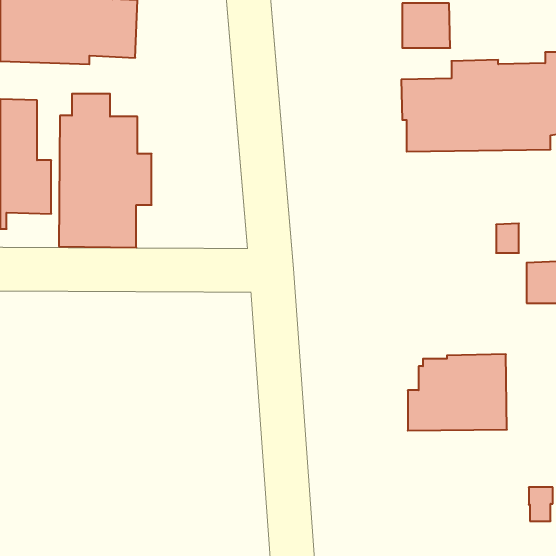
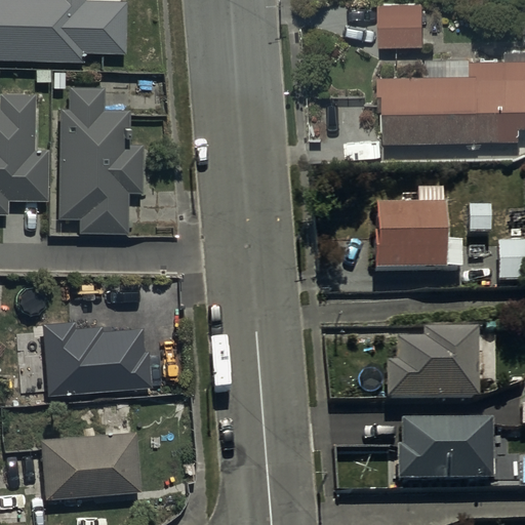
building: none -> [374,193,460,276]
building: none -> [25,321,151,403]
building: none -> [395,425,492,486]
building: none -> [39,431,140,499]

